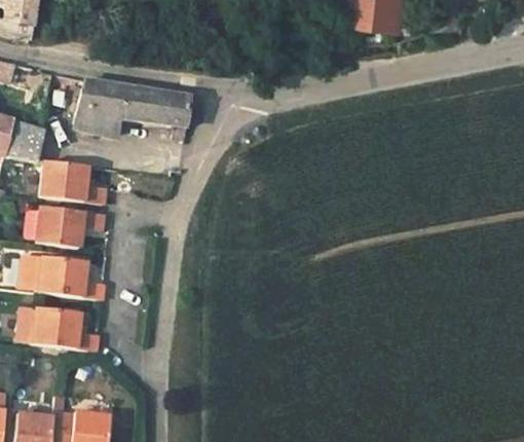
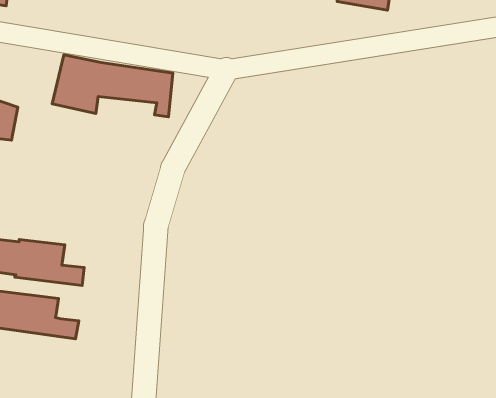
building: [39,159,106,202] -> none
building: [35,206,104,247] -> none

